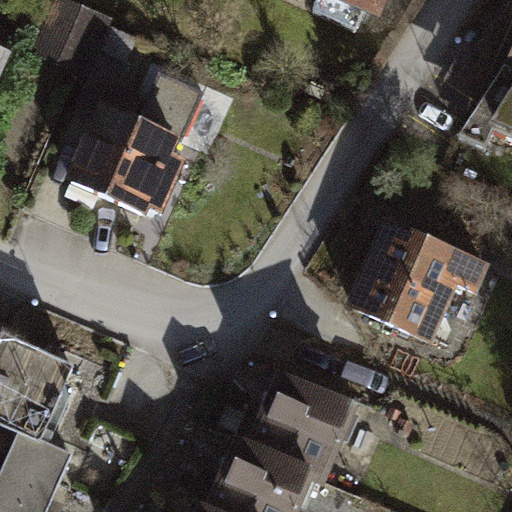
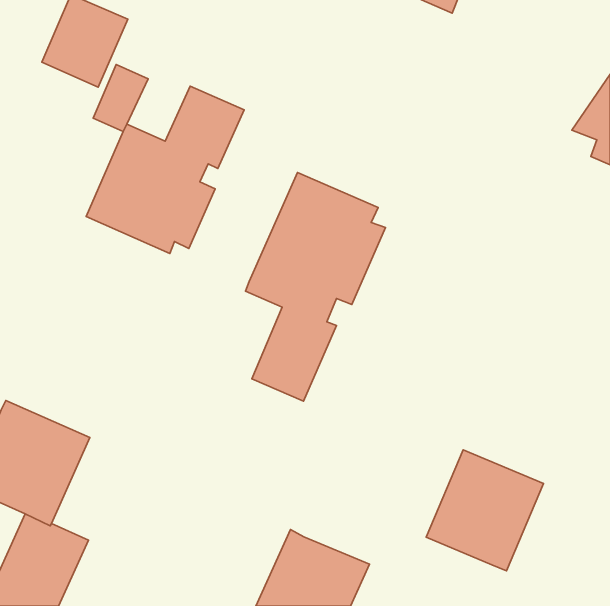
building: none -> [246,172,386,401]
building: [355,224,484,338] -> none
building: [254,376,352,477] -> [426,450,543,571]

